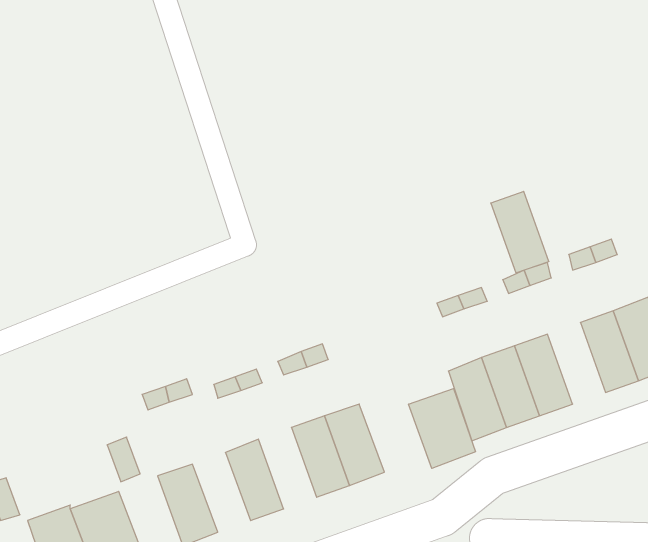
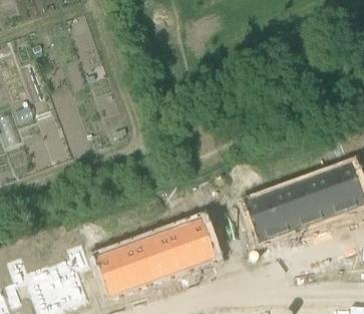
building: [491,191,549,273] -> [298,181,328,223]
building: [409,389,475,468] -> none
building: none -> [148,235,178,277]
building: none -> [114,248,144,289]

